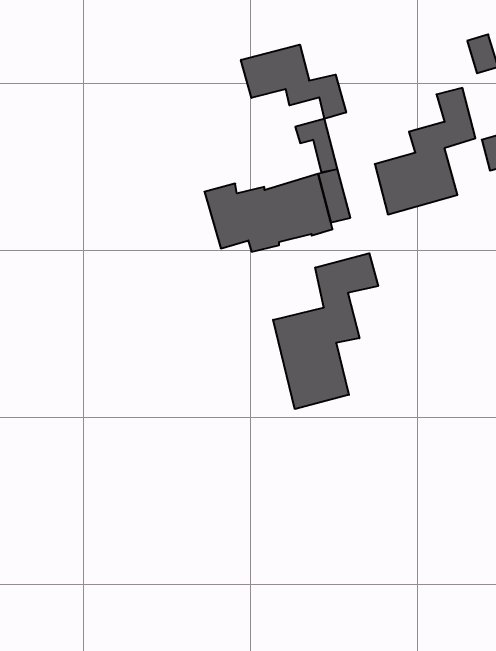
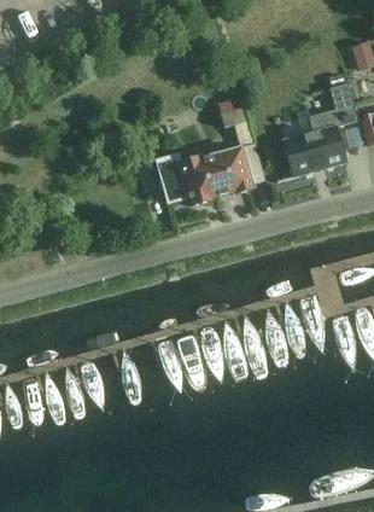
building: [241,45,346,119] -> none
building: [273,253,378,409] -> none

